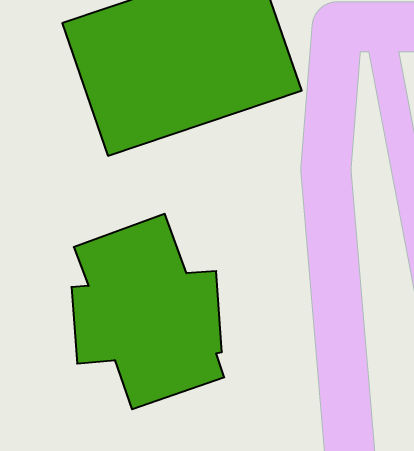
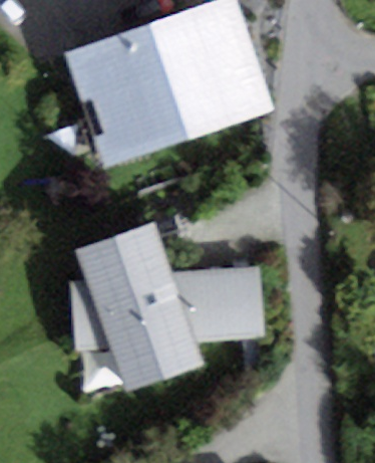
building: none -> [199,265,266,341]

